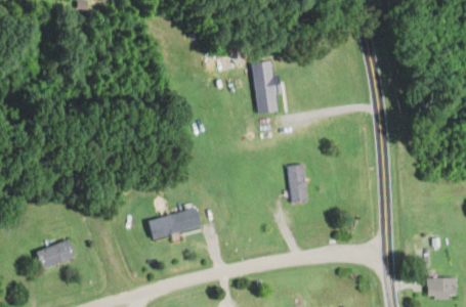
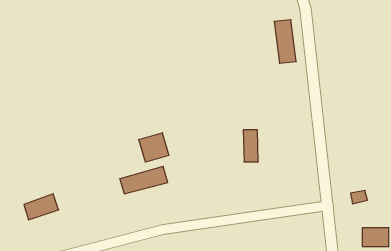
building: [252,62,278,113] -> [274,20,296,63]
building: none -> [139,133,169,162]

